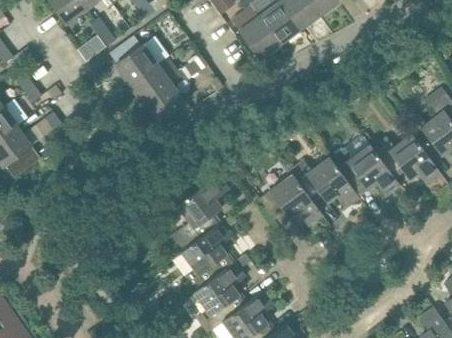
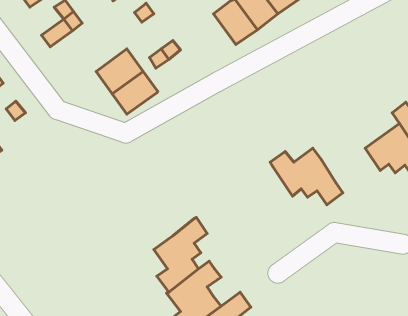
building: [114,44,157,84] -> none
building: [339,143,399,196] -> none
building: [259,173,322,226] -> none
building: [176,175,228,238] -> none

